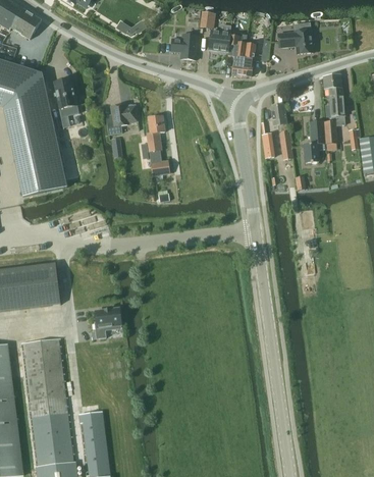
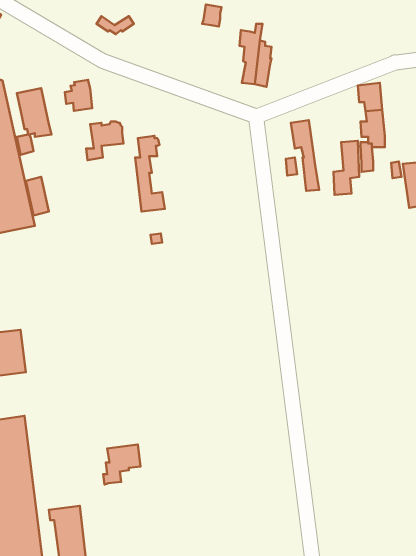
building: [208,30,230,51] -> none
building: [277,30,314,54] -> none
building: [171,34,198,59] -> none
building: none -> [65,80,92,111]
building: [92,307,121,338] -> [103,445,141,484]

